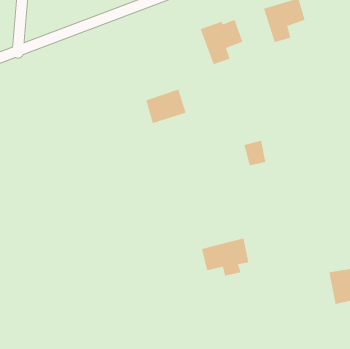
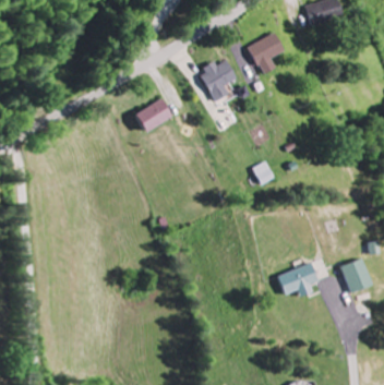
building: [146,89,186,124] -> [134,97,171,131]
building: [201,238,249,276] -> [276,261,320,297]

